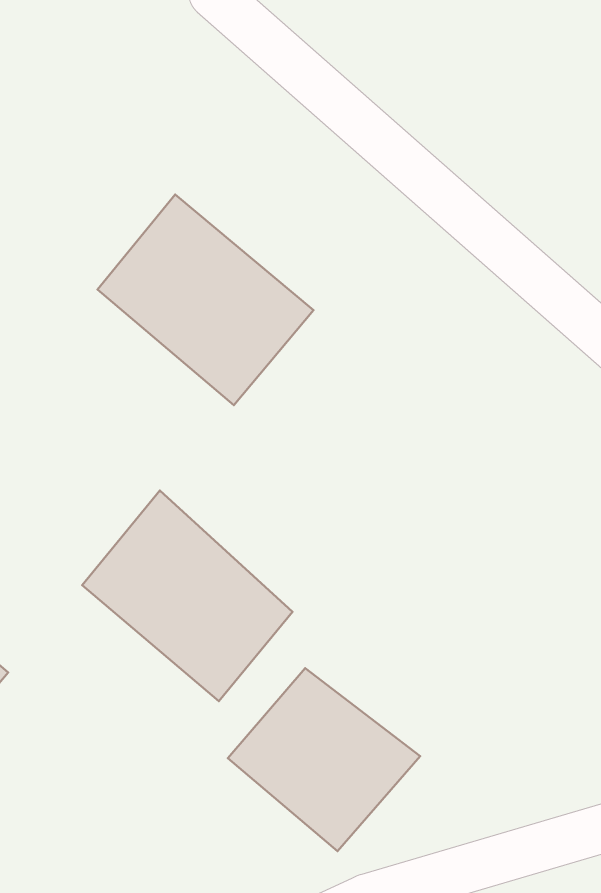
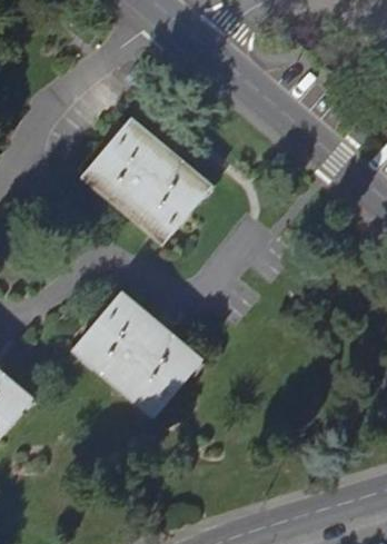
building: [228,668,420,851] -> none

